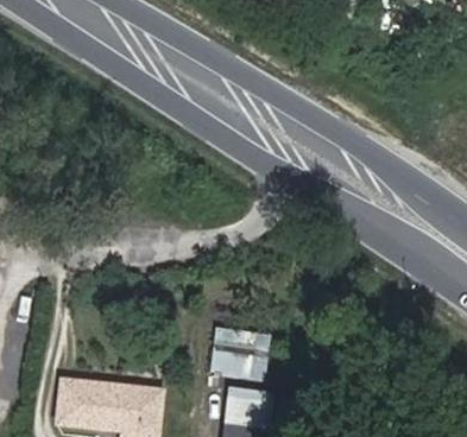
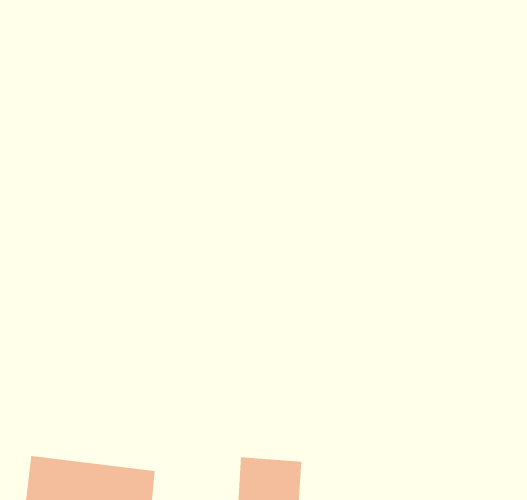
building: [209,327,271,380] -> none

